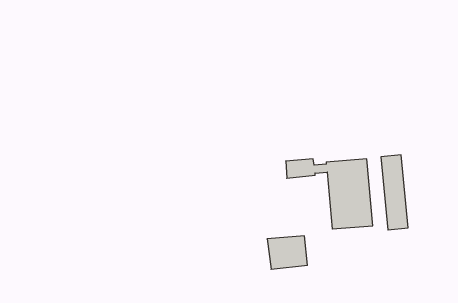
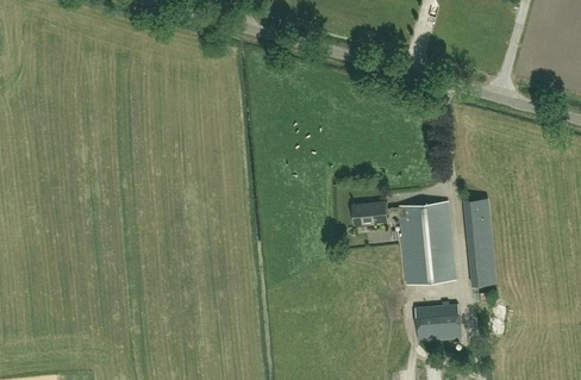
building: [267,236,307,269] -> [413,304,461,343]

